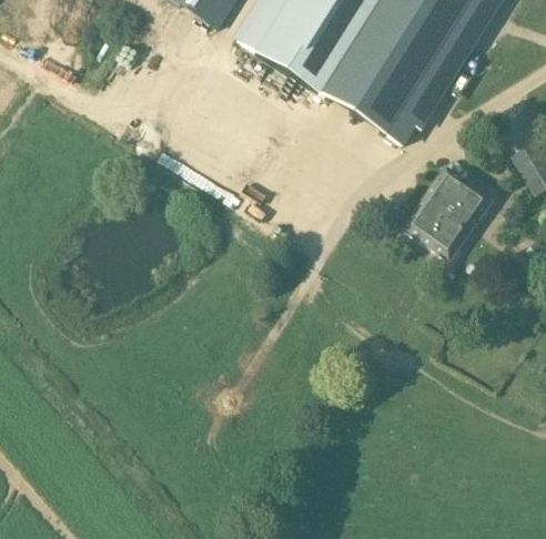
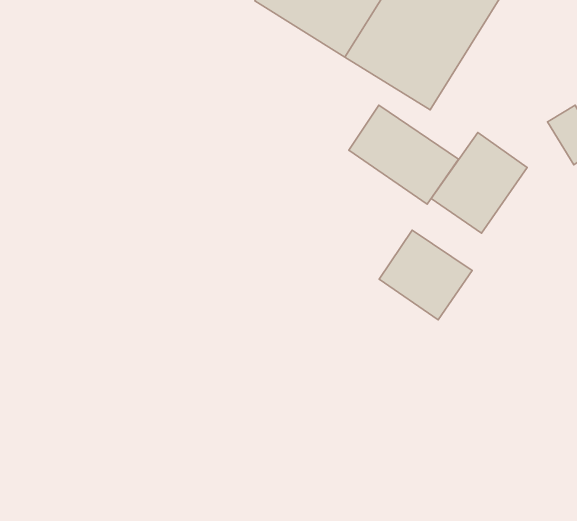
building: none -> [349,105,458,204]
building: none -> [379,230,472,320]

